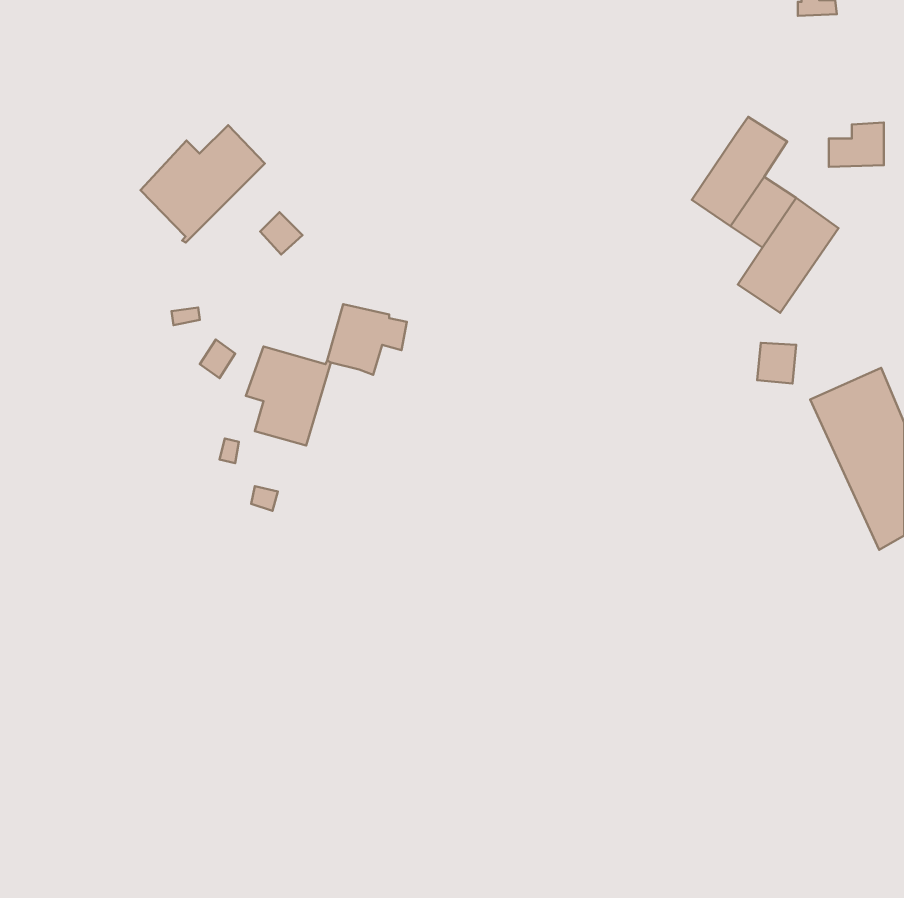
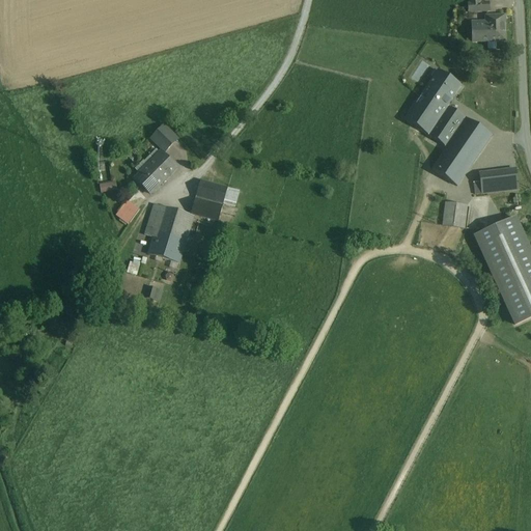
building: [829,123,884,167] -> [473,13,505,39]
building: [141,125,265,243] -> none
building: none -> [137,150,177,191]
building: none -> [479,166,519,192]

